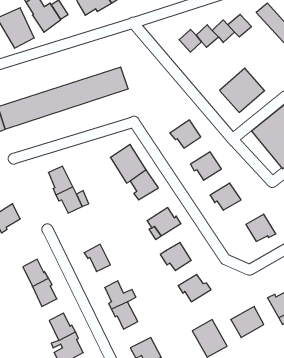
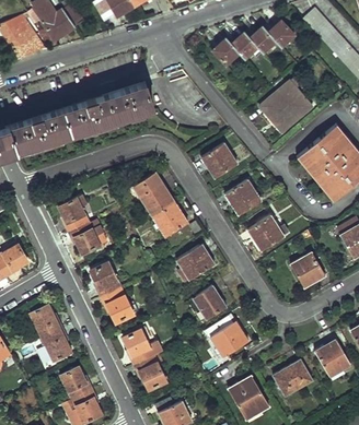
building: none -> [93,263,120,297]

